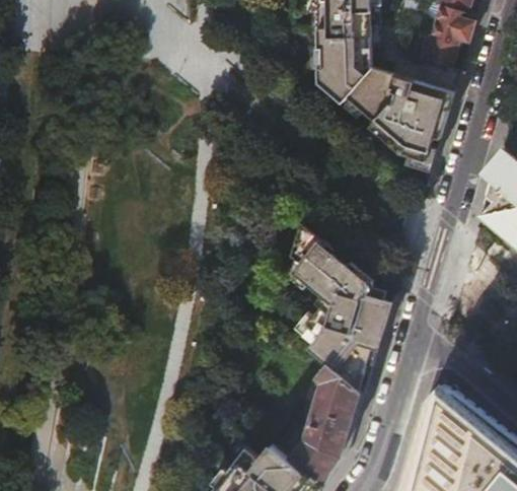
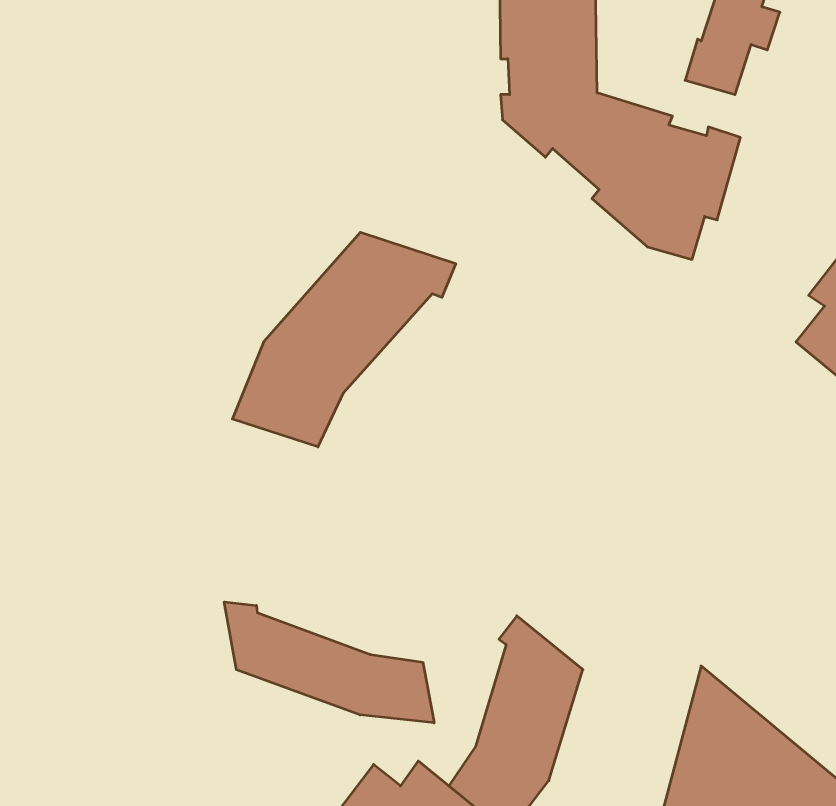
building: none -> [232,232,456,447]
building: [290,221,389,393] -> none
building: none -> [224,602,434,723]

